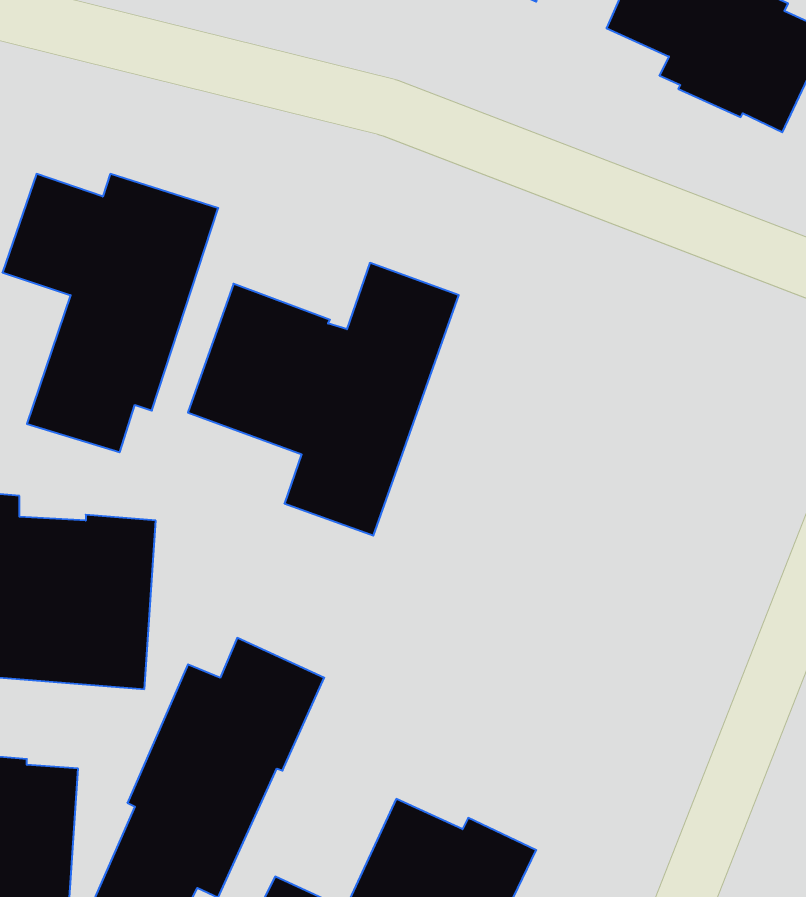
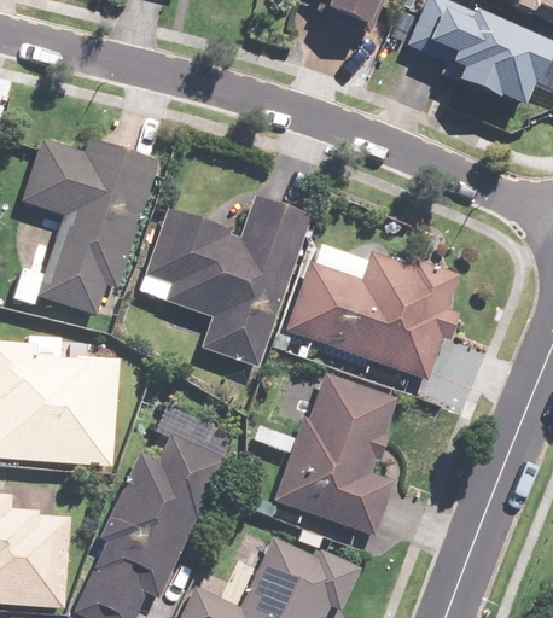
building: none -> [285,244,459,380]
building: none -> [273,372,397,535]

